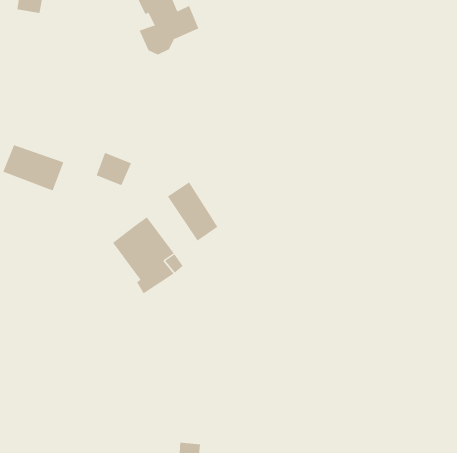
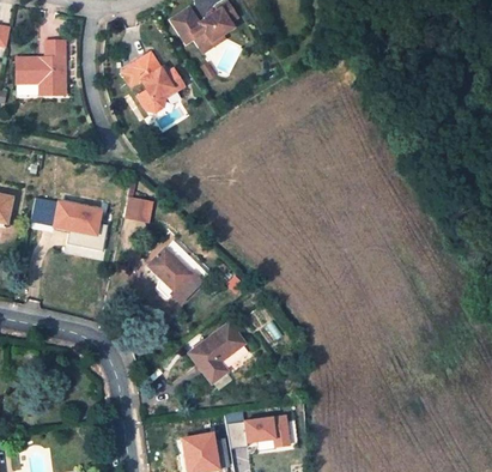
building: [167,182,218,242] -> none
building: none -> [188,322,243,381]

